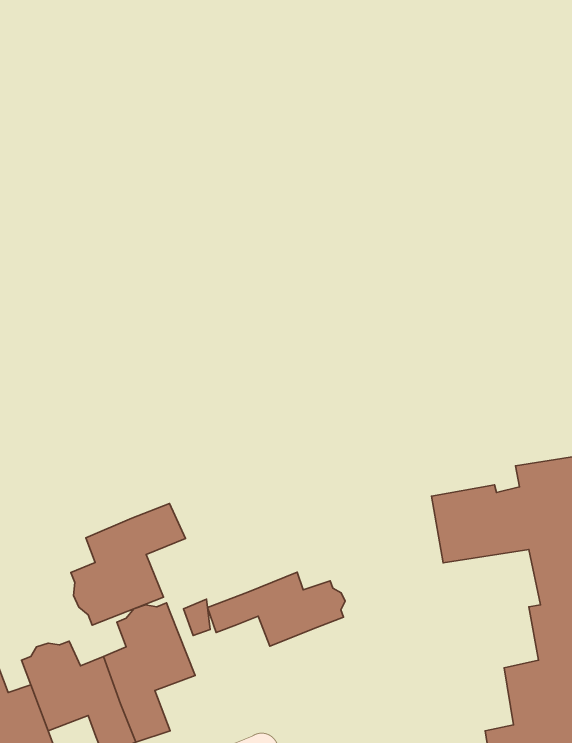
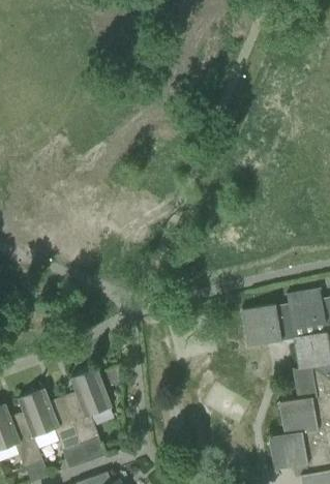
building: [71,503,185,625] -> none
building: [208,572,345,646] -> none

